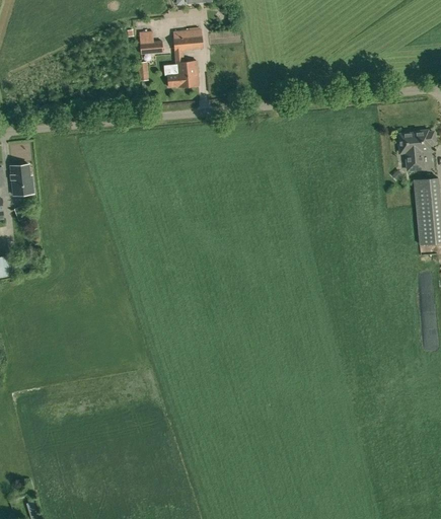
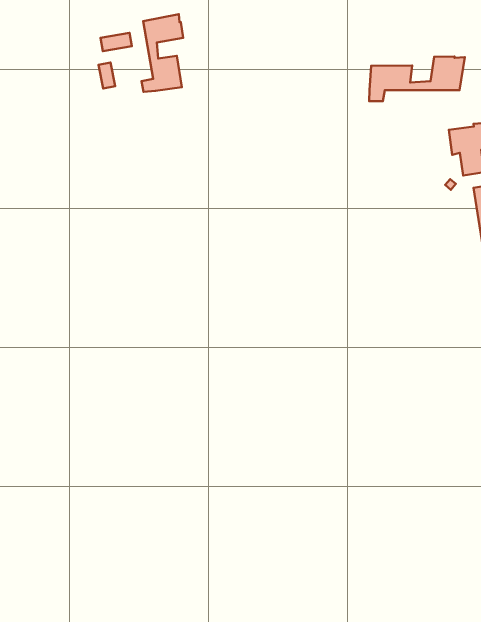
building: none -> [369,57,465,101]

